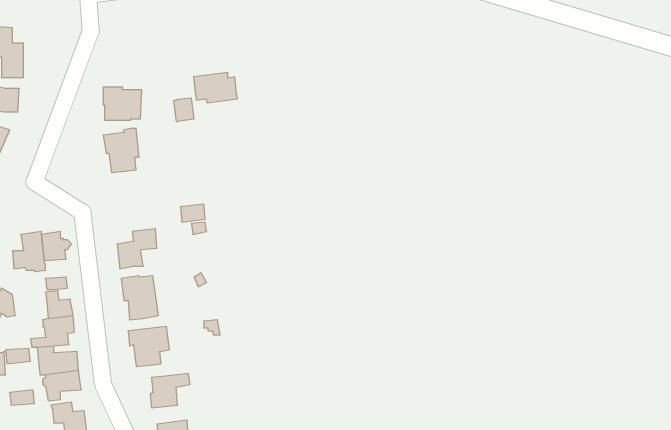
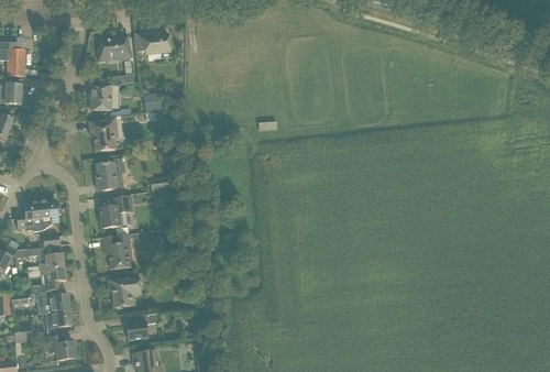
building: none -> [97,33,130,59]
building: [193,73,238,103] -> [134,29,169,53]
building: none -> [95,156,124,190]

